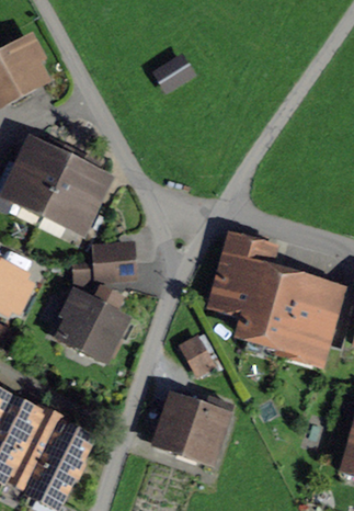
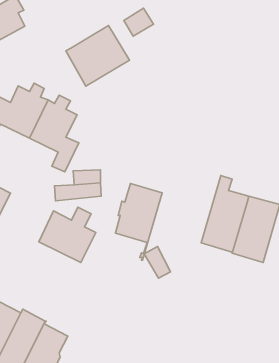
building: none -> [66,25,130,86]
building: [215,243,270,333] -> [115,184,162,260]
building: [158,399,227,459] -> none

